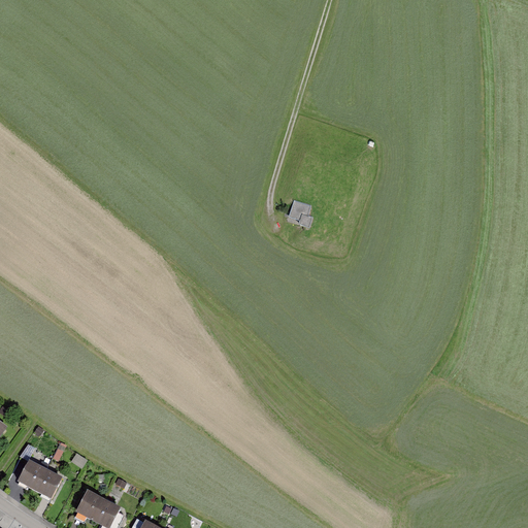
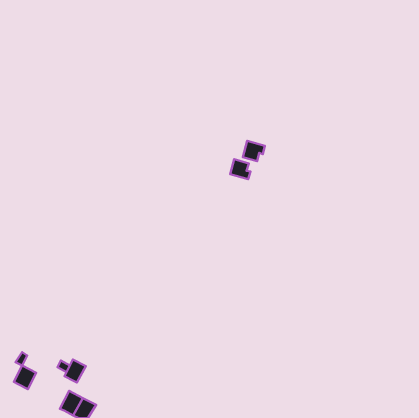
building: none -> [243,141,265,161]
building: [35,468,62,497] -> [65,360,86,383]

